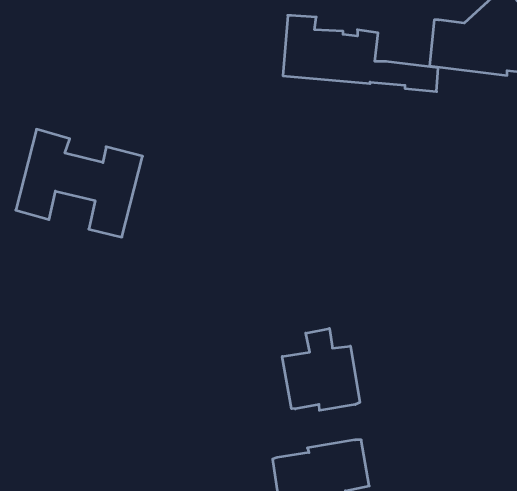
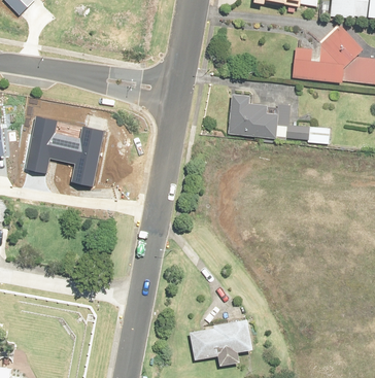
building: [283,15,438,92] -> [228,94,329,143]
building: [282,328,360,410] -> none

